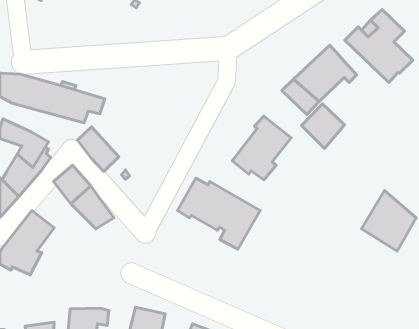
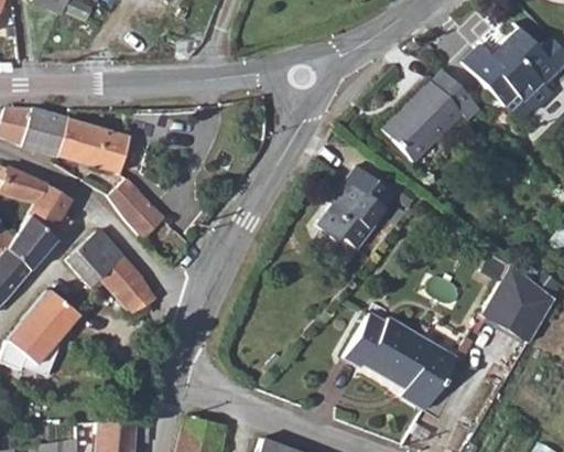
building: [302,104,344,148] -> none
building: [177,178,260,249] -> [344,315,454,410]

